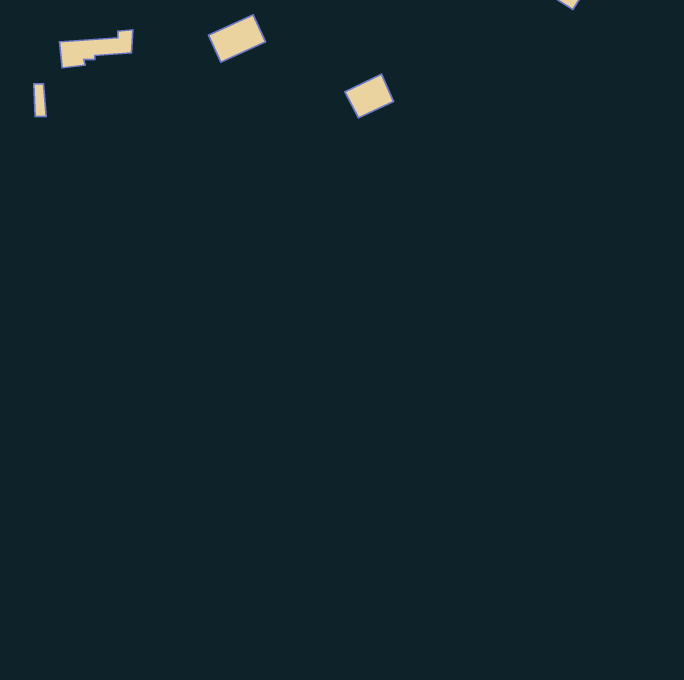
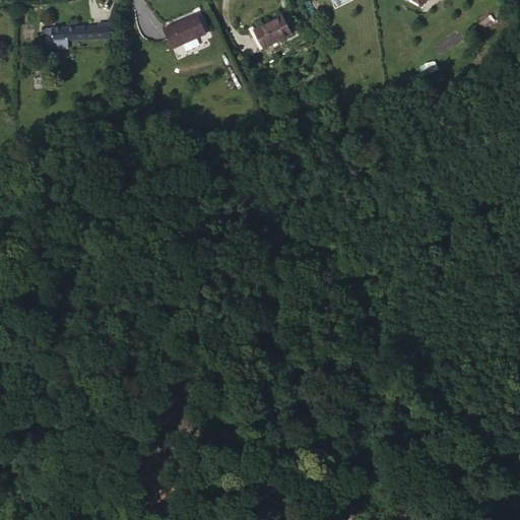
building: [345,74,394,118] -> [257,13,294,46]

